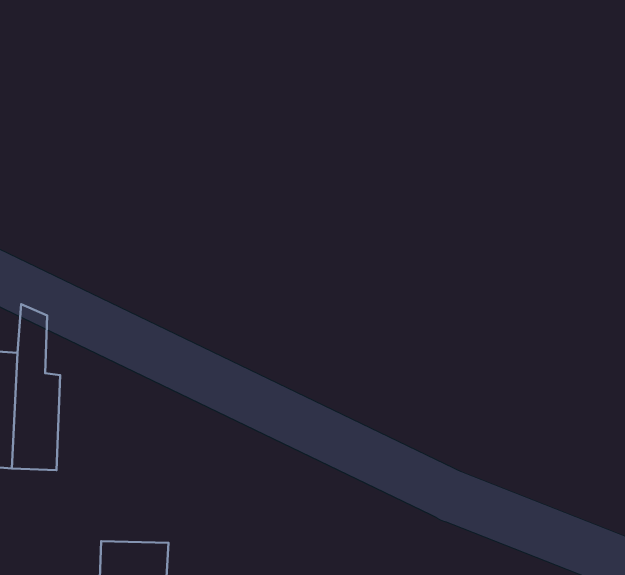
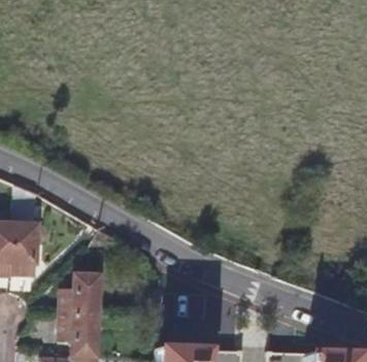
building: none -> [66,276,104,318]

